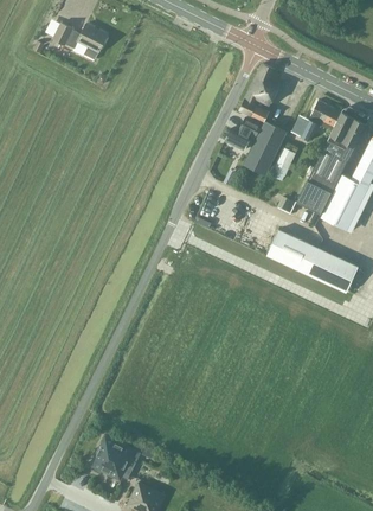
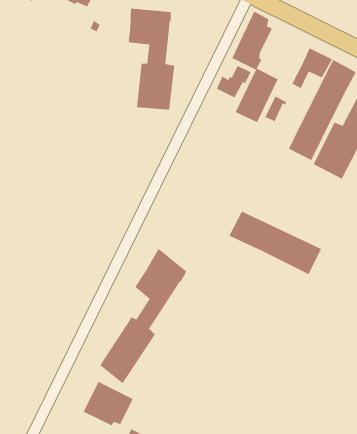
building: none -> [128,8,175,111]
building: [265,230,359,294] -> [229,211,322,275]
building: none -> [100,248,187,384]

